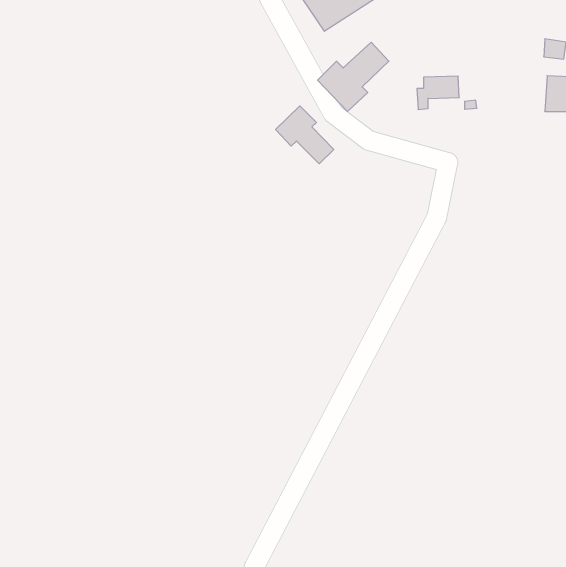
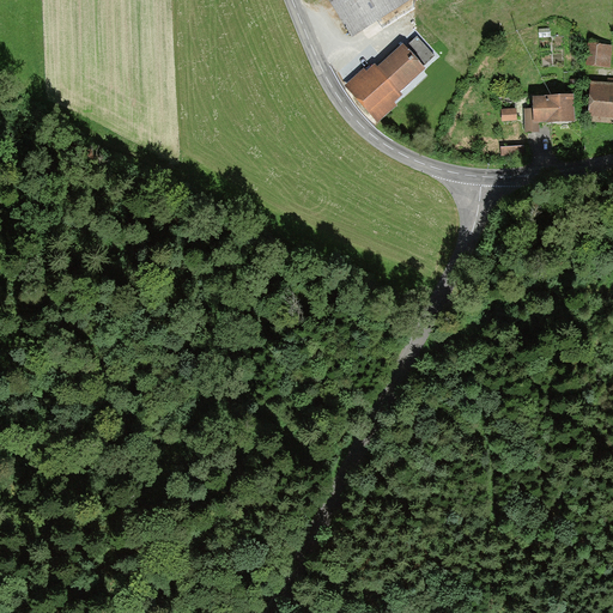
building: [417,76,459,110] -> [527,95,572,131]
building: [276,106,334,164] -> none

